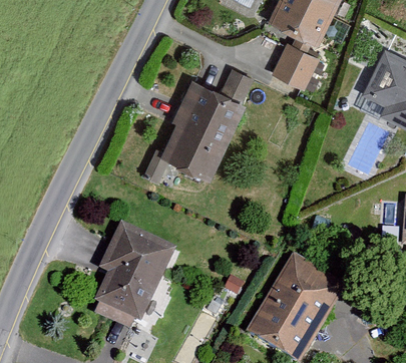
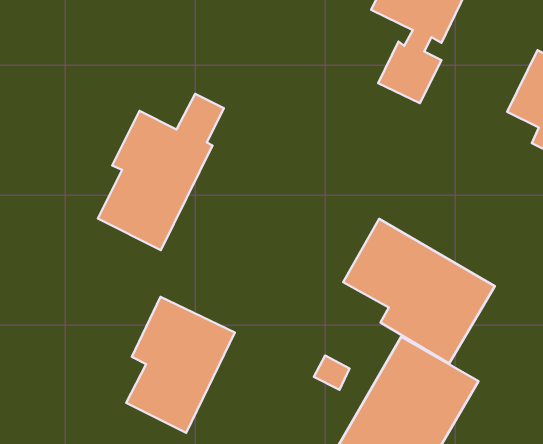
building: [162,71,251,180] -> [98,94,224,250]
building: none -> [343,219,495,363]

